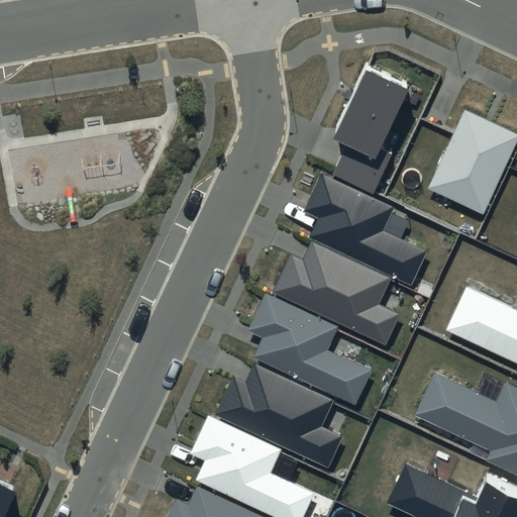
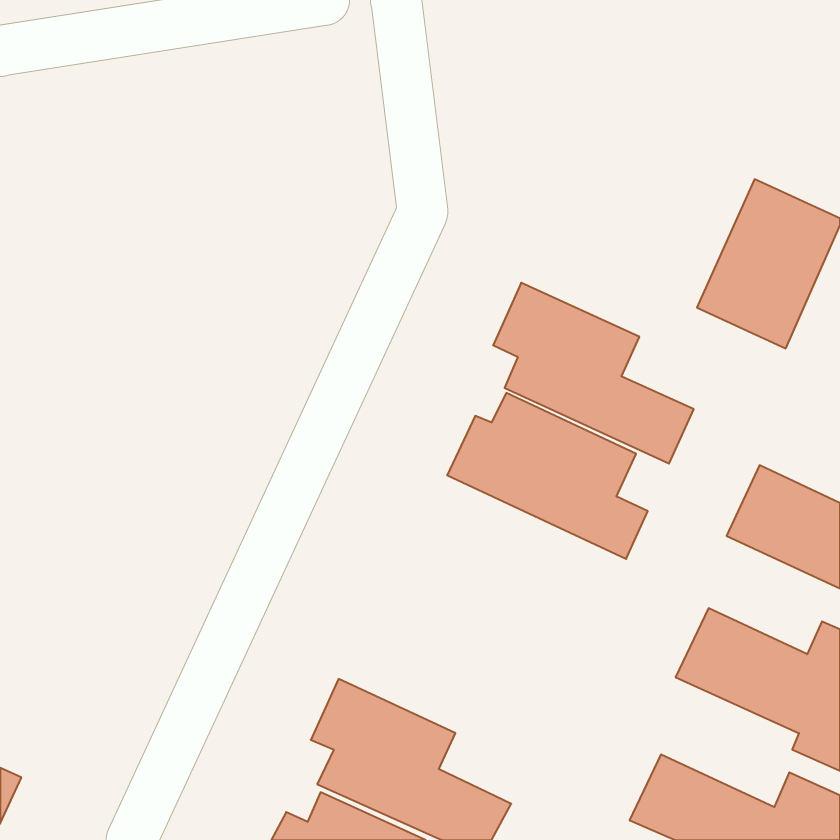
building: [333,67,409,194] -> none
building: [247,293,372,405] -> none
building: [216,365,342,467] -> none

